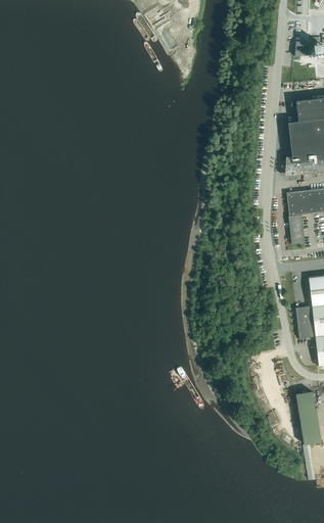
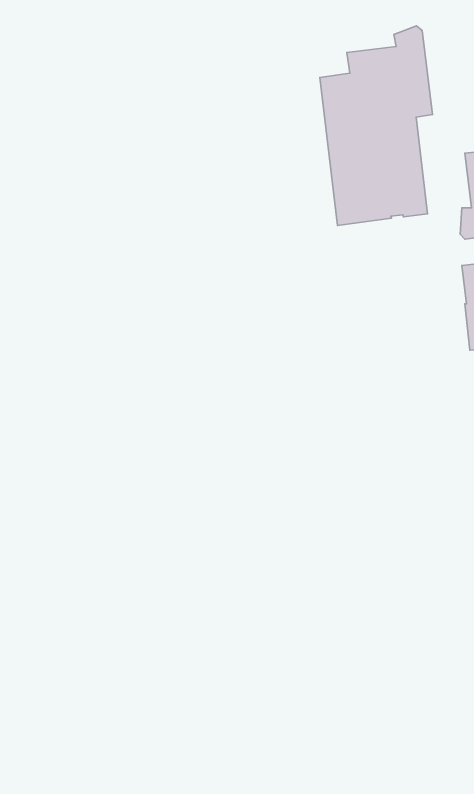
building: none -> [320,26,432,226]

